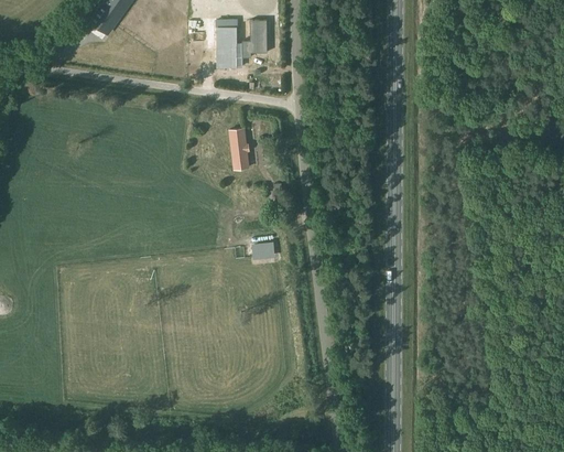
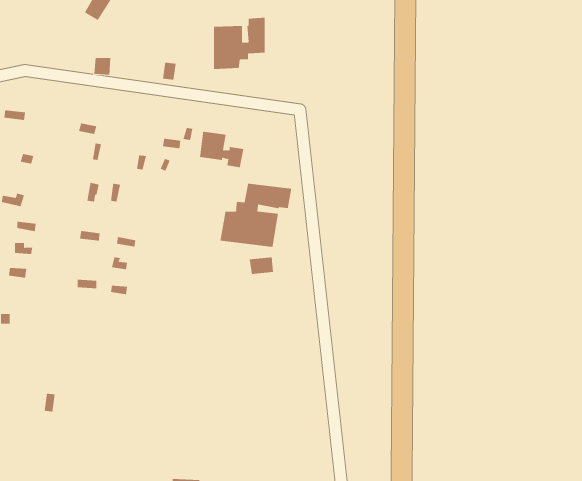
building: none -> [220,183,292,248]

